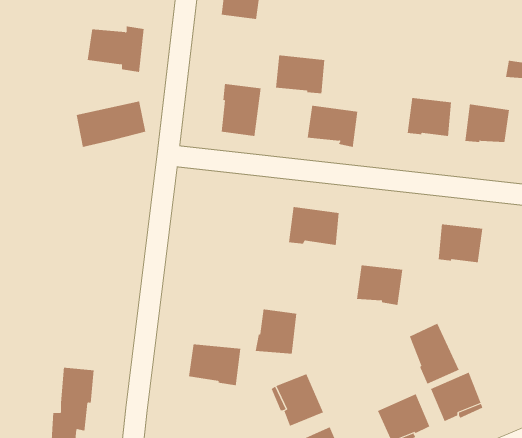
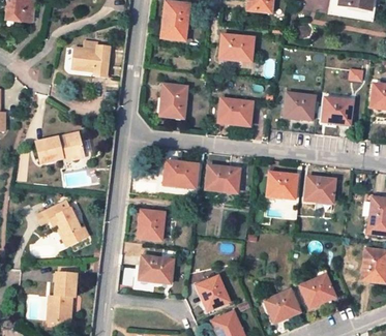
building: [275,55,325,94] -> [219,34,253,60]
building: [76,101,146,147] -> [36,131,83,162]
building: none -> [162,159,198,187]
building: none -> [36,200,88,243]
building: [356,265,403,305] -> [266,172,297,198]
building: [255,309,297,354] -> [137,209,165,239]
building: [409,323,460,385] -> none

